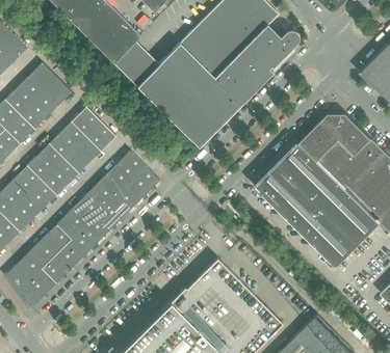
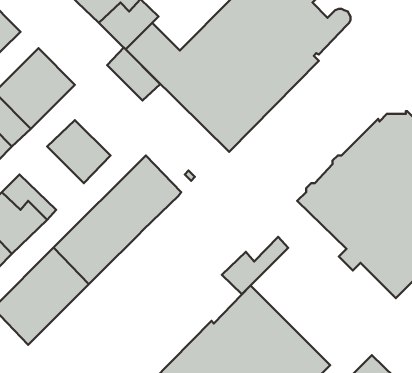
building: [72,107,115,151] -> [107,48,160,101]
building: [26,143,79,195] -> none
building: none -> [222,237,288,294]

